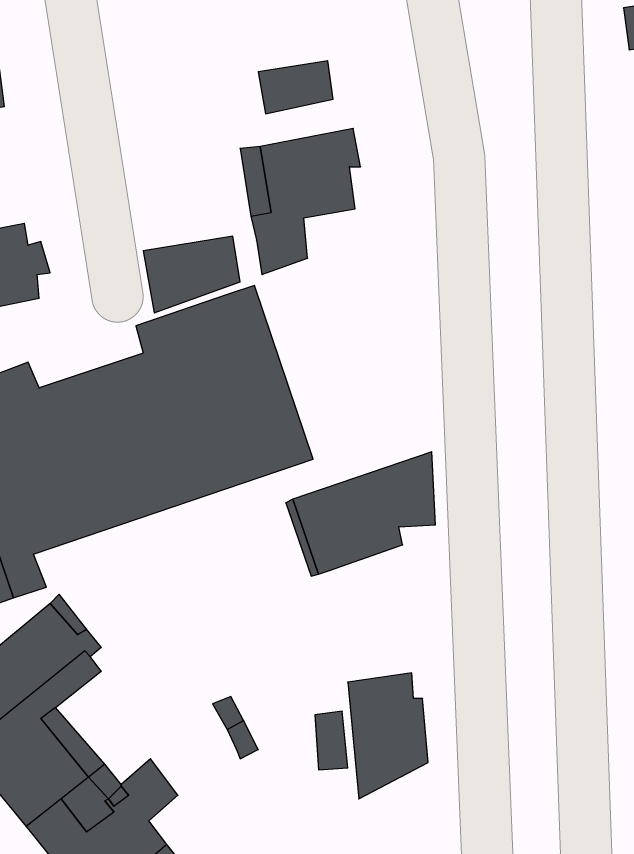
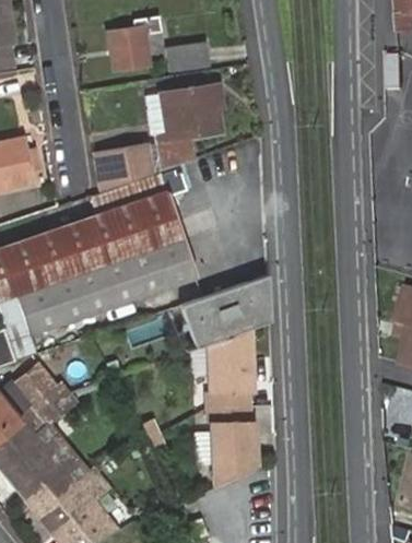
building: none -> [108,17,158,70]
building: none -> [211,330,259,413]

